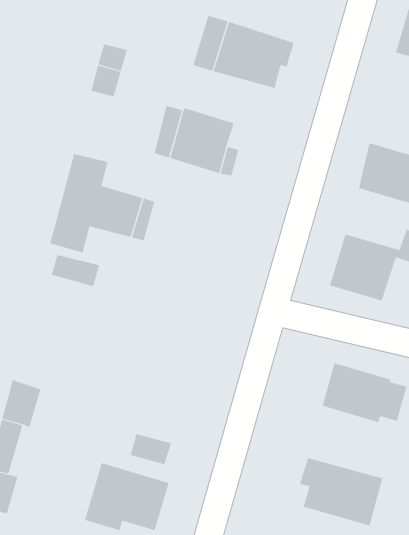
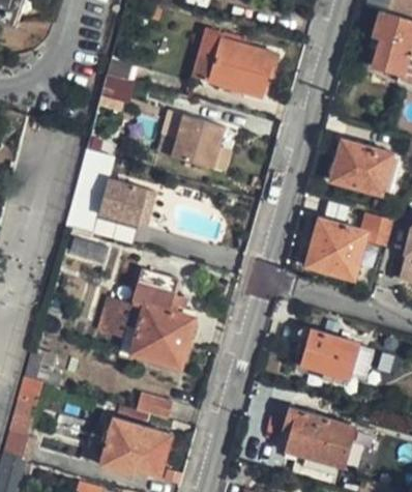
building: none -> [97,268,197,368]

